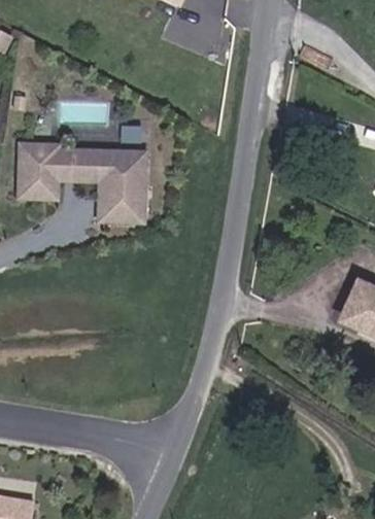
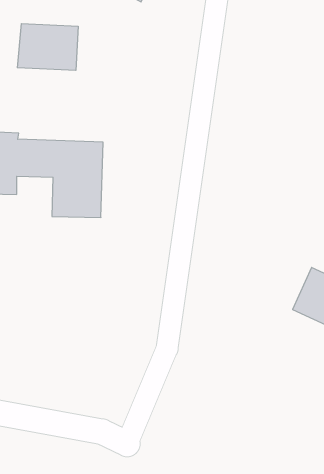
building: none -> [17,24,78,70]

